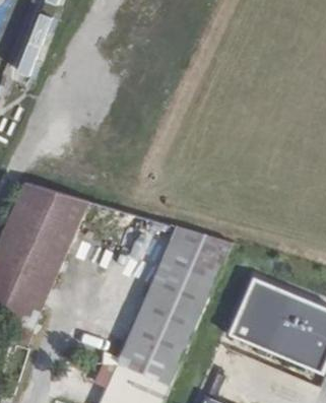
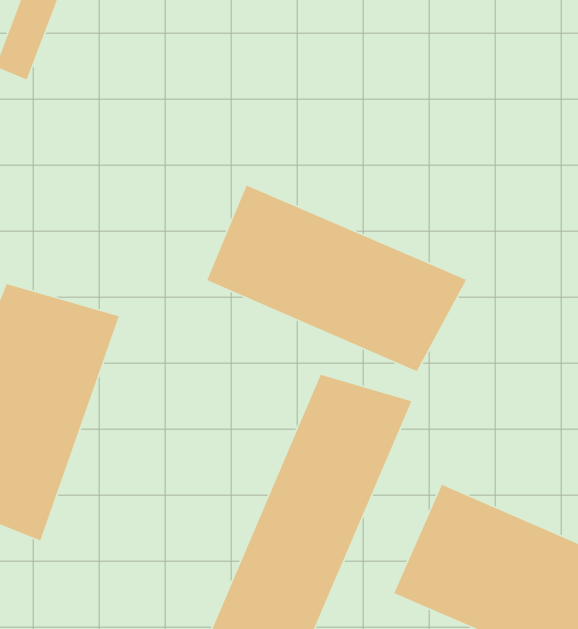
building: none -> [206,185,467,372]

